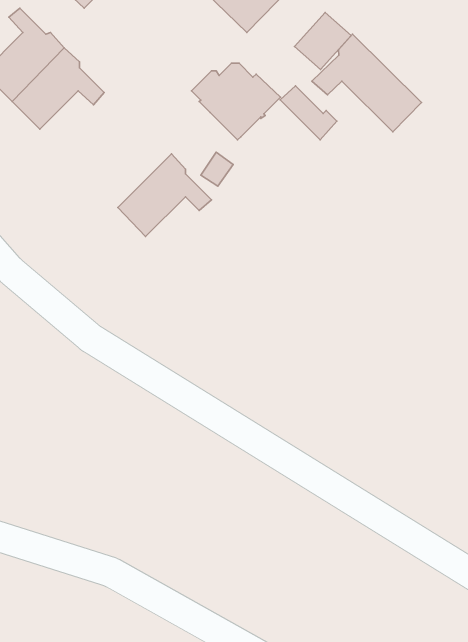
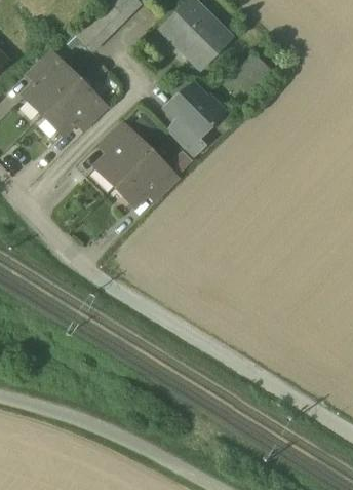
building: [312,34,421,132] -> none
building: [280,86,337,140] -> [167,121,205,157]
building: none -> [97,122,152,185]

